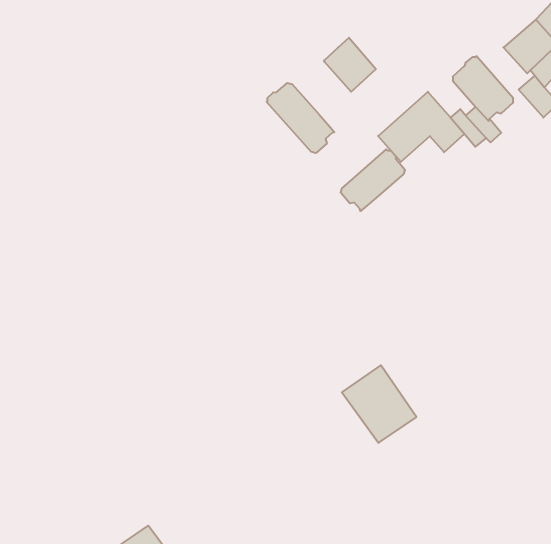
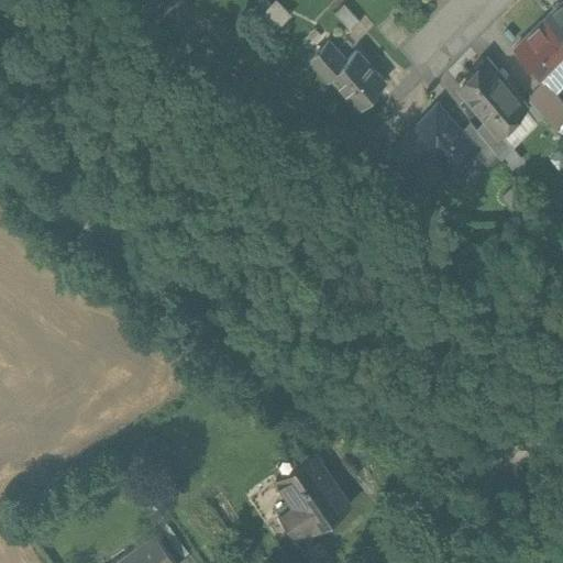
building: none -> [309,36,345,74]
building: [267,83,334,153] -> none
building: [341,149,405,211] -> none
building: [342,365,416,443] -> [273,461,349,540]

